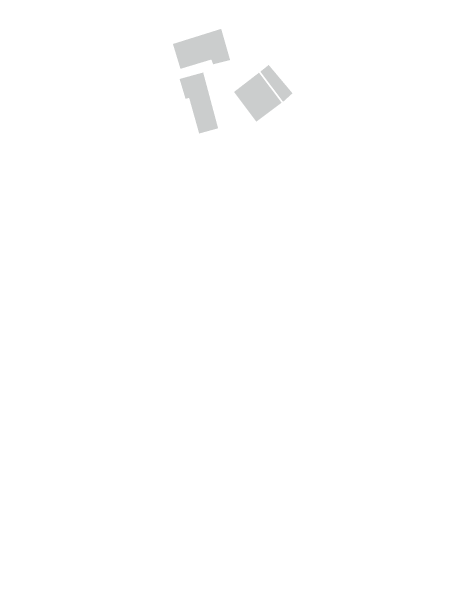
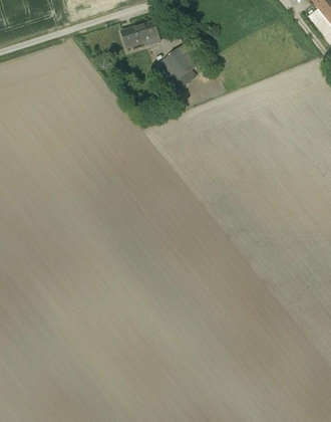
building: [178,71,219,134] -> none

